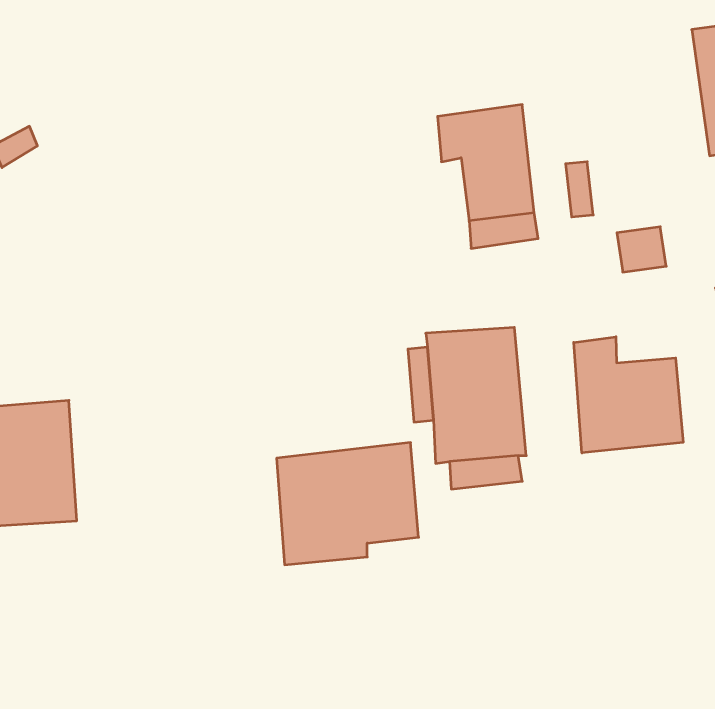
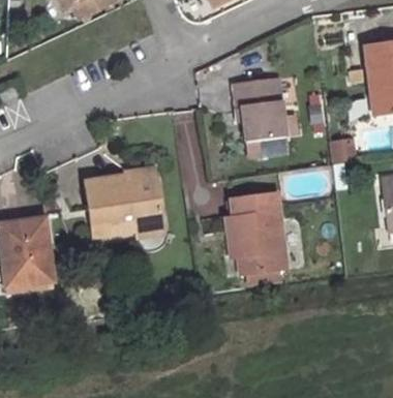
building: [574,337,683,453] -> none
building: [277,443,419,565] -> [84,170,158,234]

